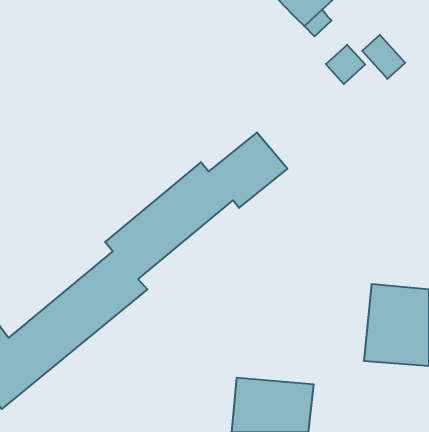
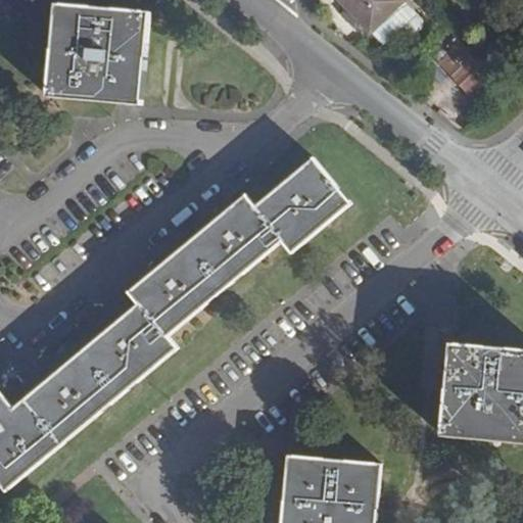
building: none -> [45,4,146,105]
building: [326,45,365,84] -> none

